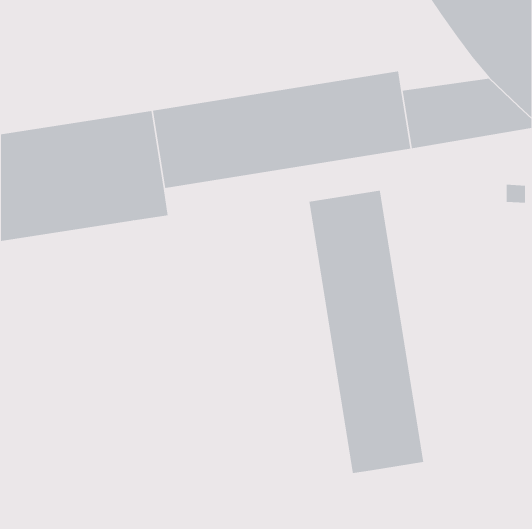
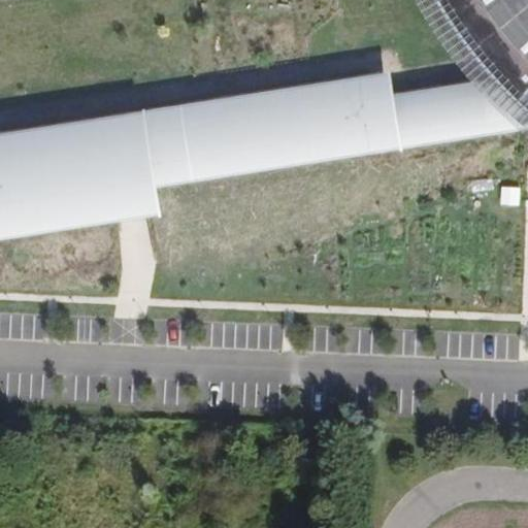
building: [309,190,424,474] -> none

